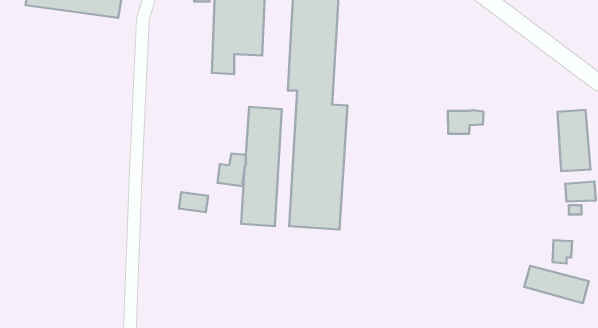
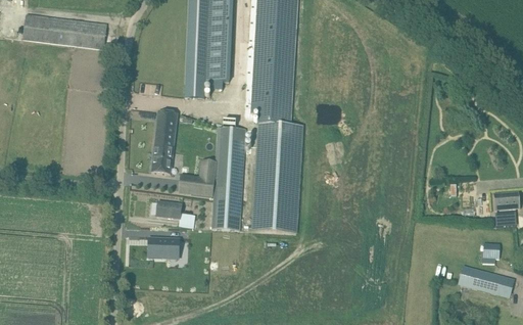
building: none -> [151,110,178,174]
building: [558,110,590,171] -> none
building: [448,110,484,134] -> none
building: none -> [149,237,180,257]

